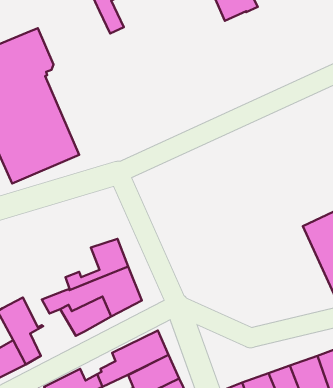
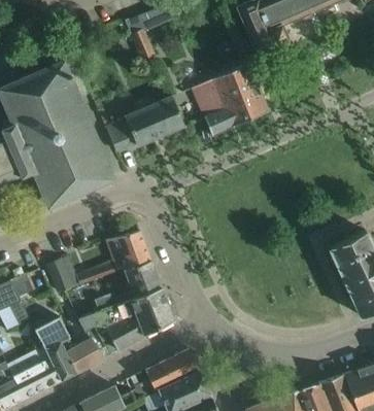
building: none -> [191,62,268,136]
building: none -> [106,96,184,150]
building: none -> [82,231,150,281]
building: none -> [45,256,73,292]
building: none -> [66,328,110,373]

